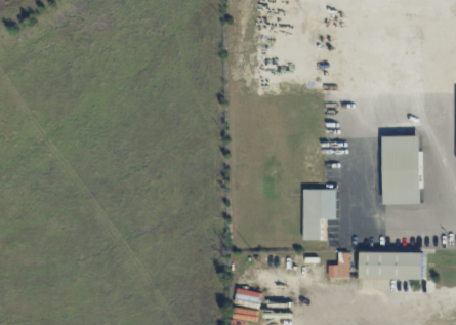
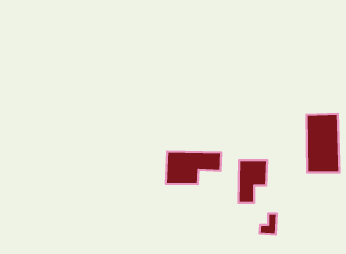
building: none -> [166,152,221,184]
building: [359,252,423,280] -> none

